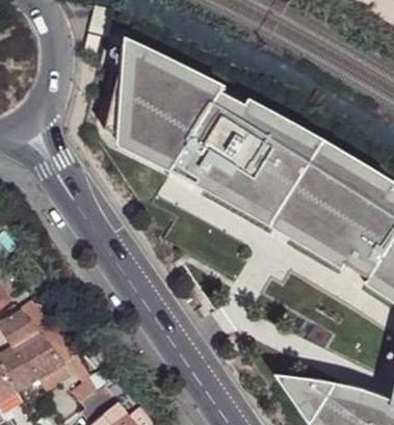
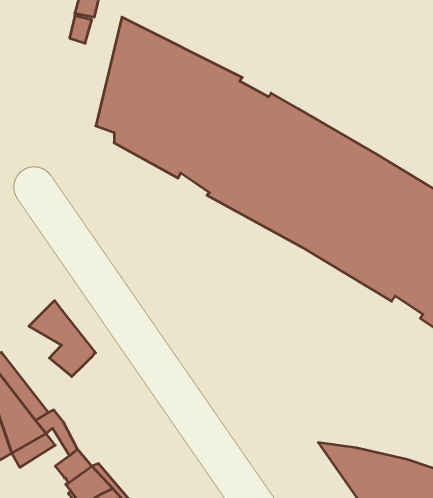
building: none -> [29,301,96,377]

